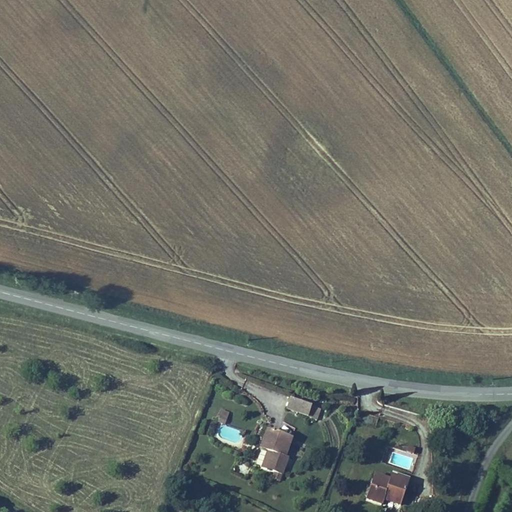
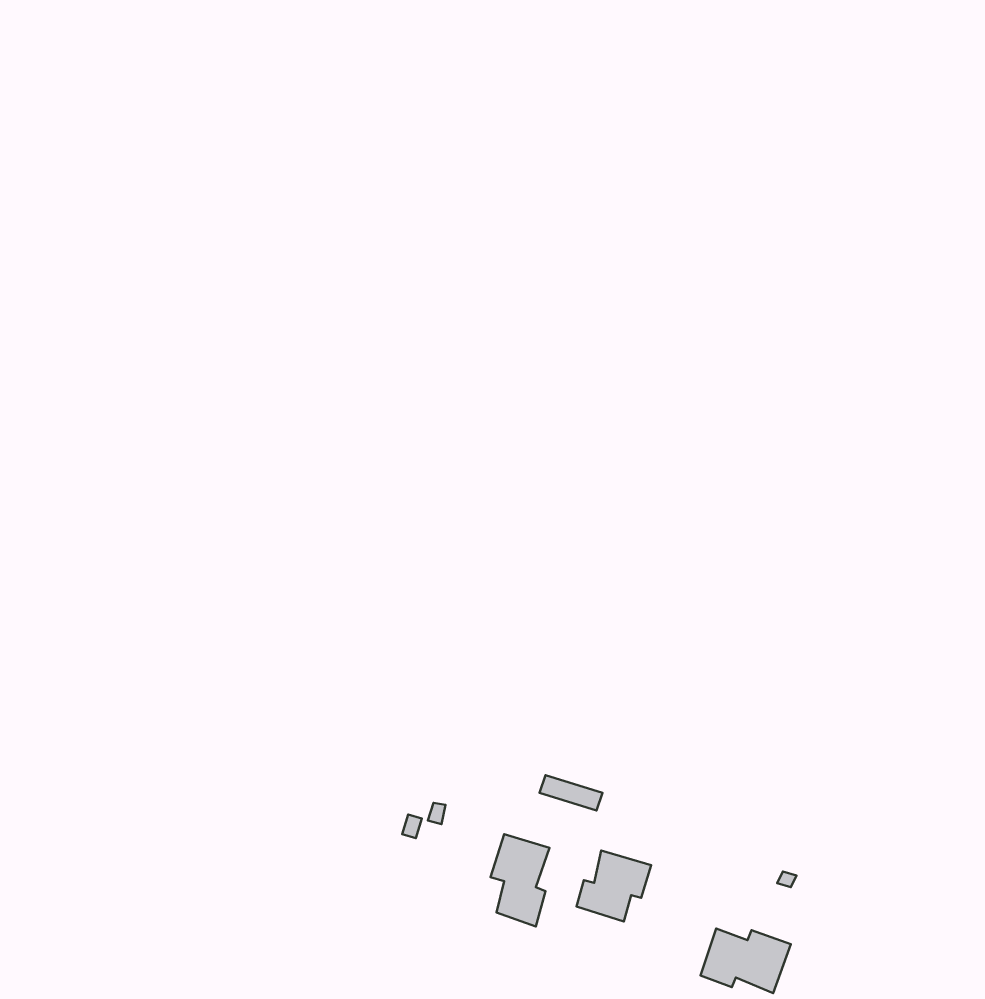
building: none -> [577,851,651,922]

